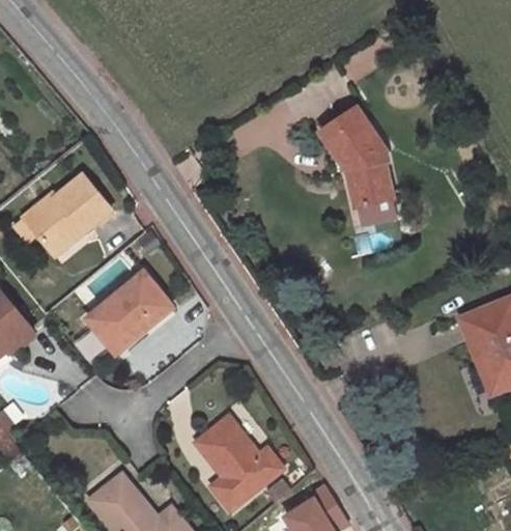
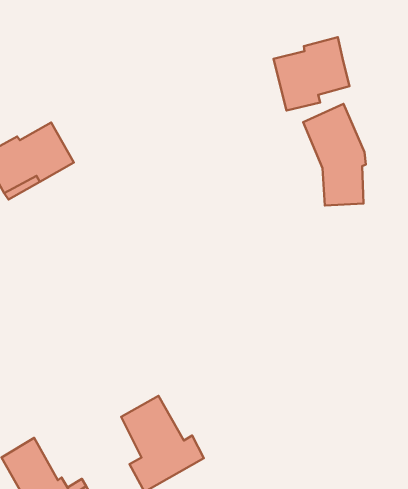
building: none -> [274,37,349,110]
building: [87,272,169,353] -> none

